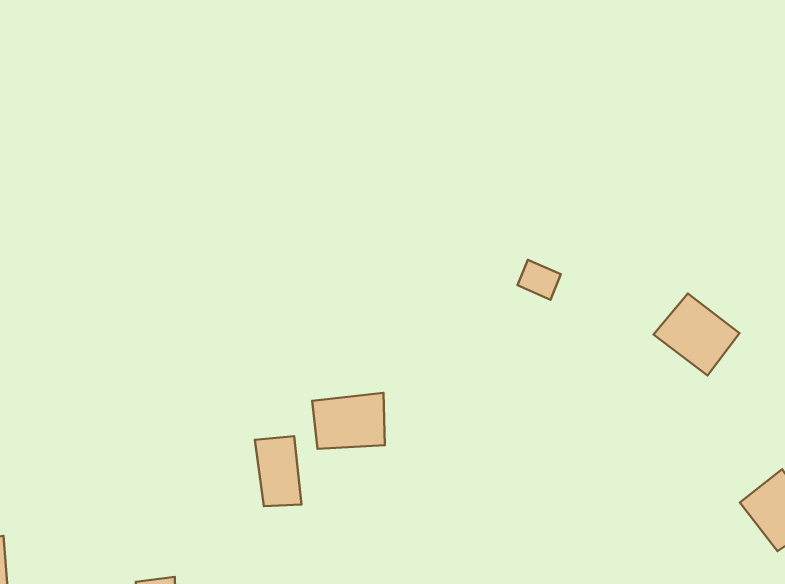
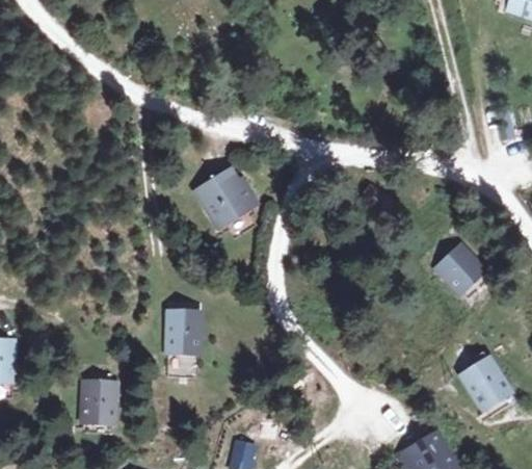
building: none -> [211,178,255,224]
building: [312,393,385,449] -> none

